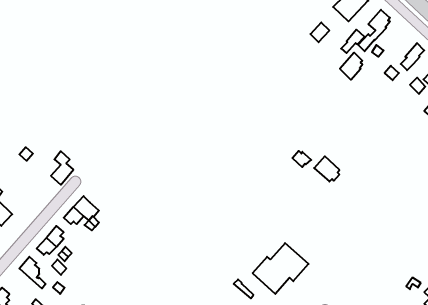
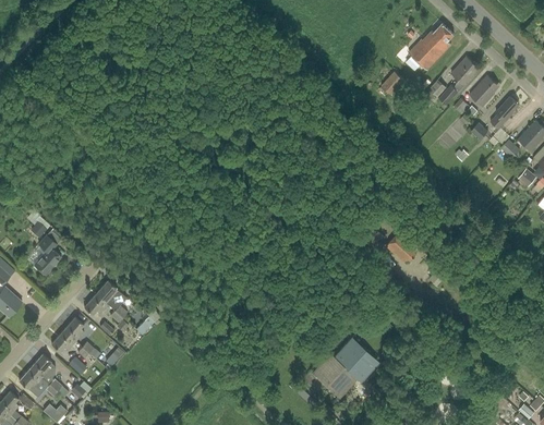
building: [340,53,362,80] -> [470,74,497,107]
building: [51,151,73,185] -> [34,234,61,275]
building: none -> [19,367,58,397]

